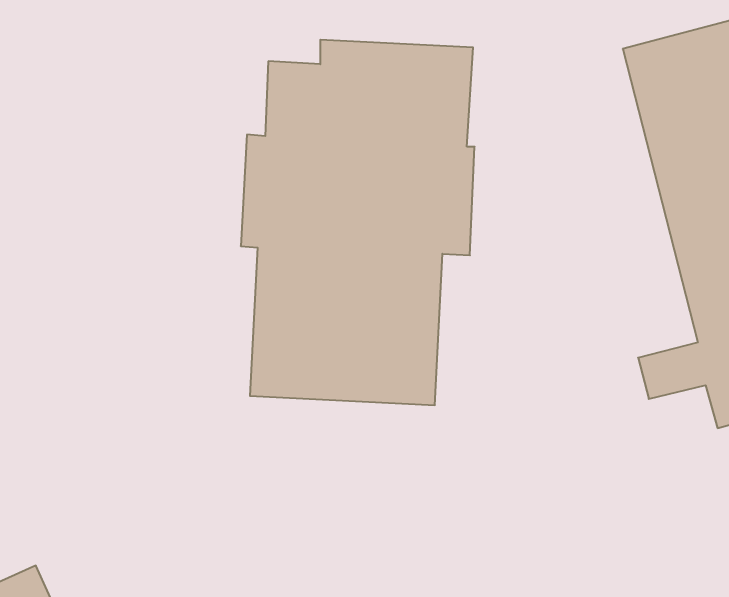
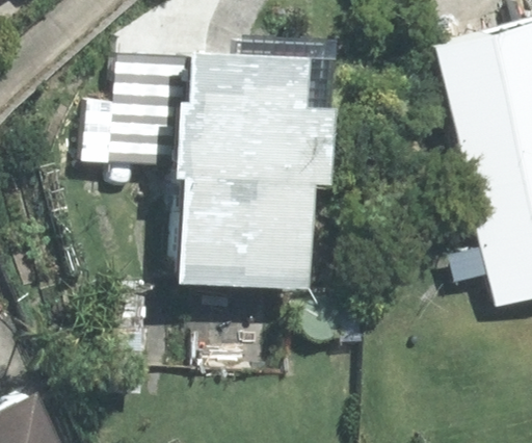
building: none -> [111,53,186,164]

